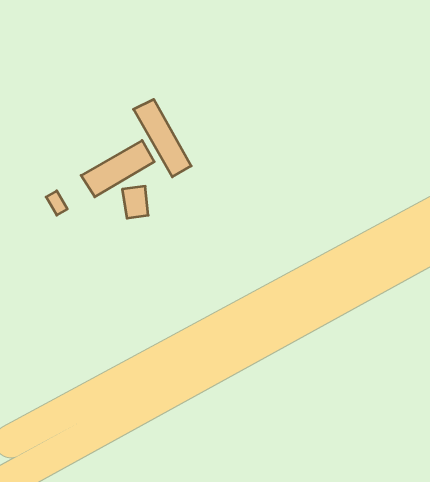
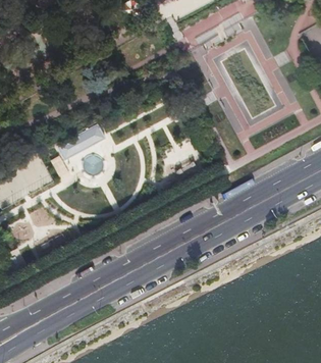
building: [133,99,191,177] -> none

